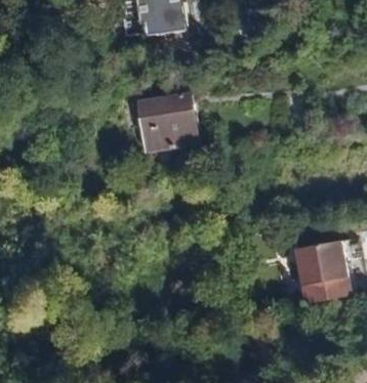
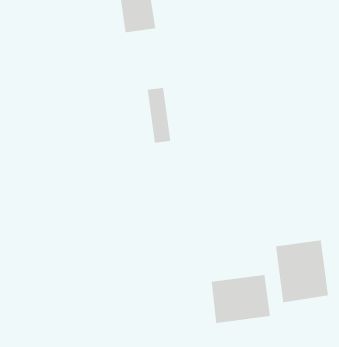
building: [139,94,180,151] -> none
building: none -> [211,274,270,324]

